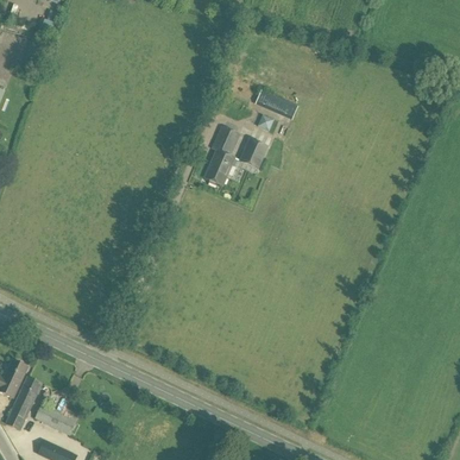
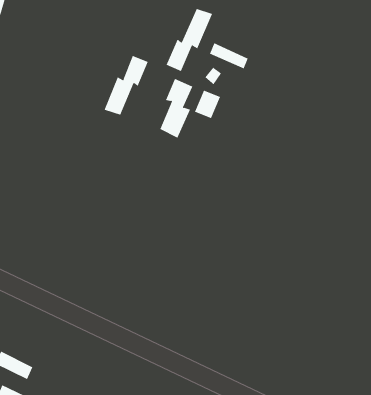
building: none -> [166,8,213,72]
building: none -> [104,55,148,115]

